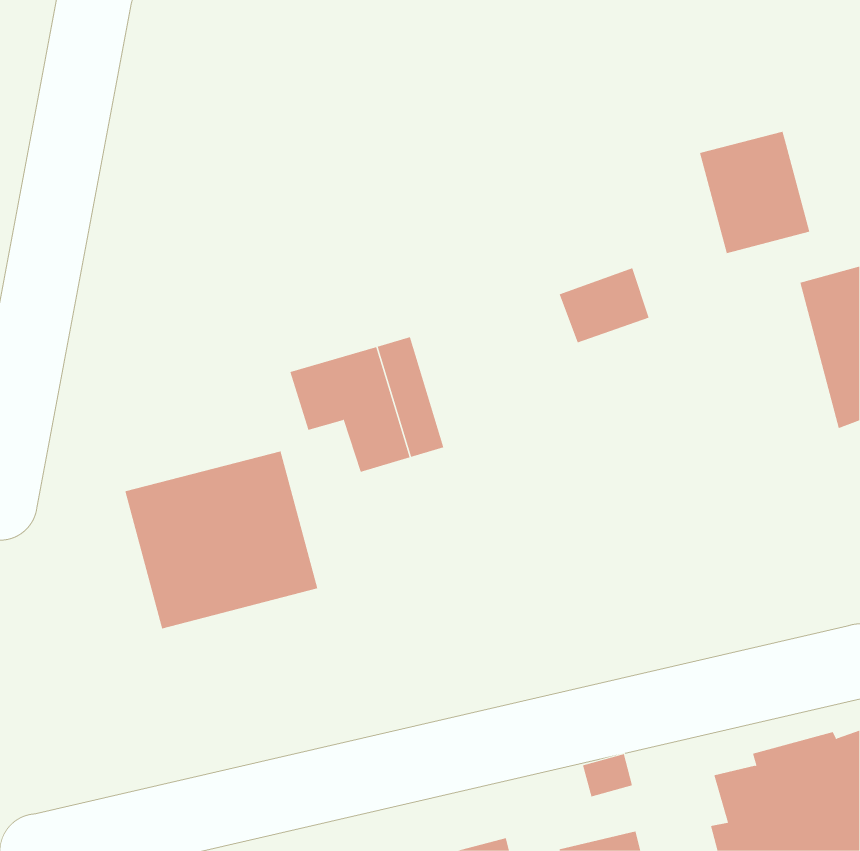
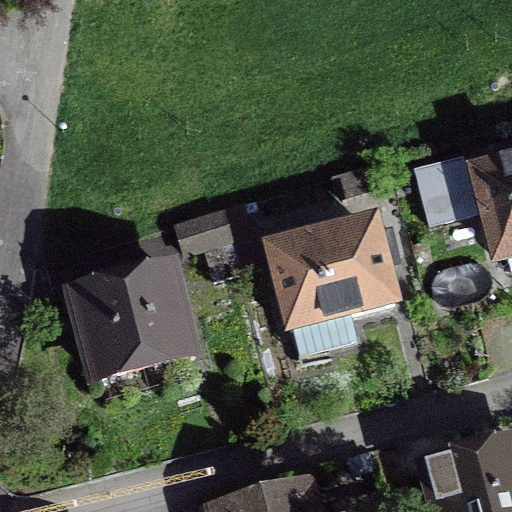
building: [699,131,810,254] -> [413,153,479,226]
building: none -> [274,227,396,326]

